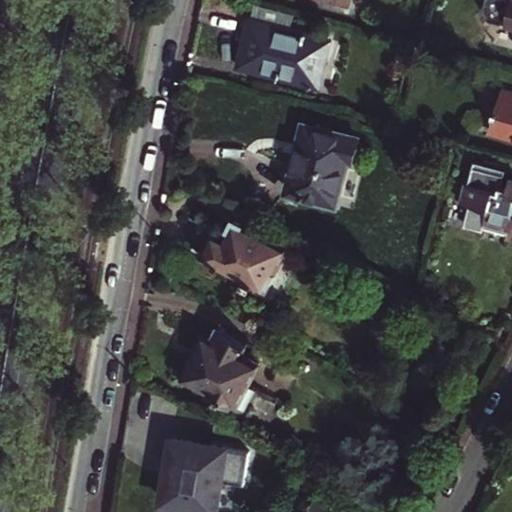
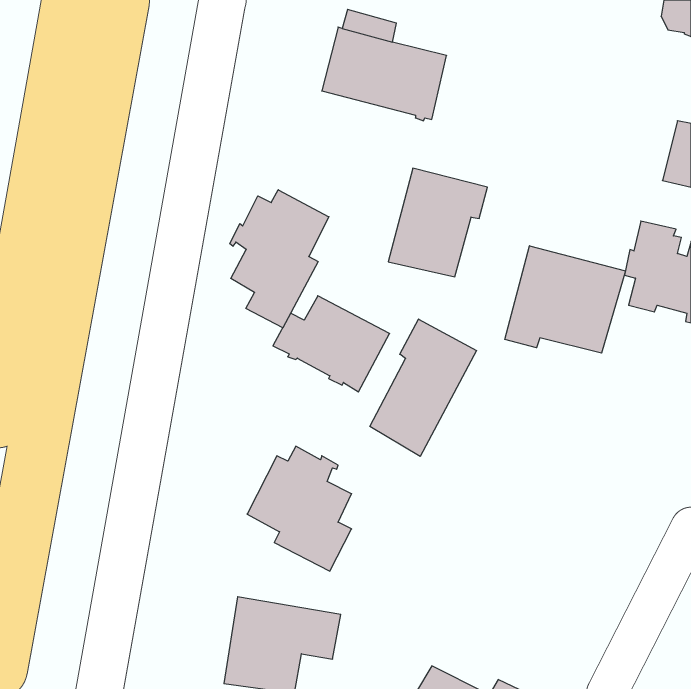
building: none -> [230,190,329,328]
building: none -> [505,246,625,353]
building: none -> [370,319,477,456]

